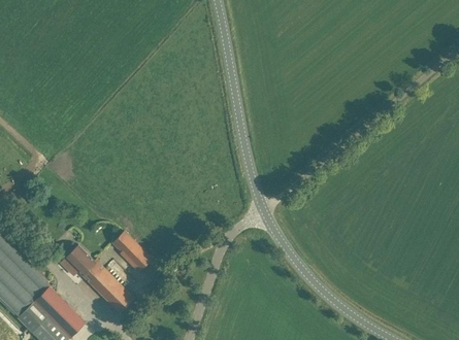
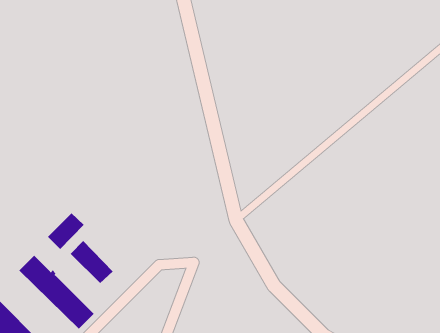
building: none -> [47,213,84,250]

